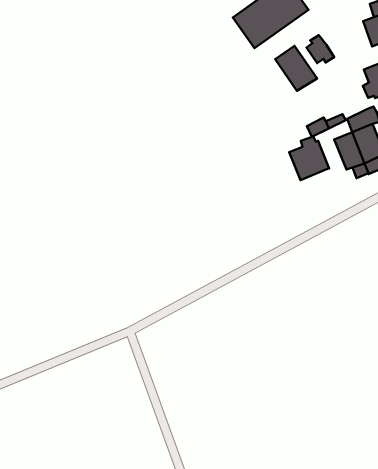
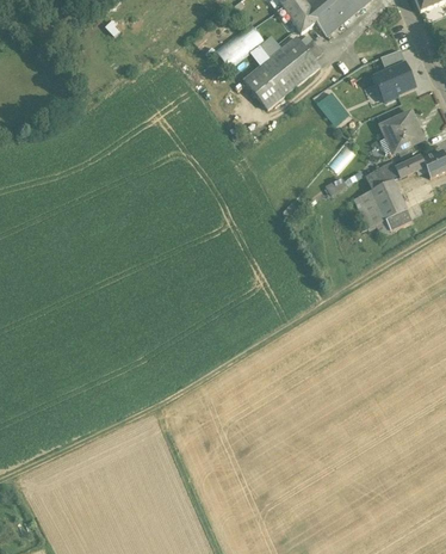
building: [275,46,317,91] -> none
building: [289,136,329,180] -> none

